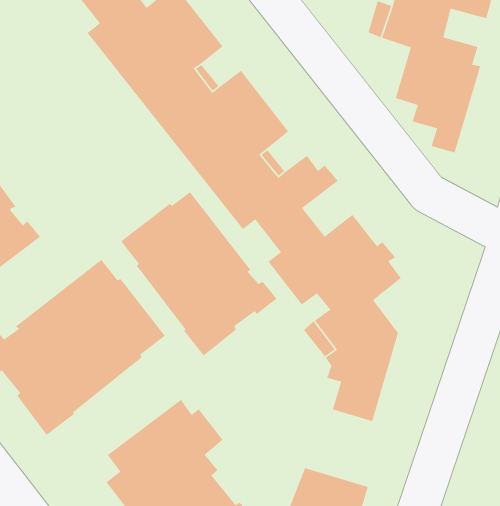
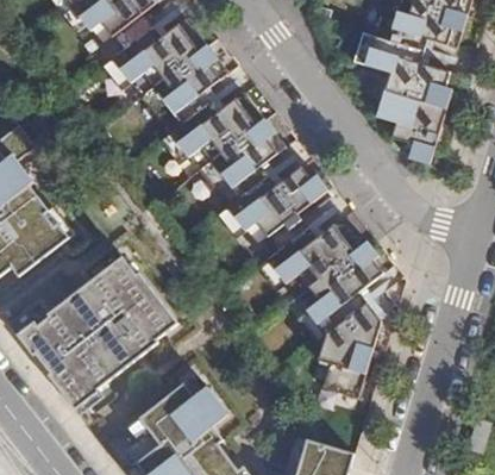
building: [120,191,278,356] -> none

